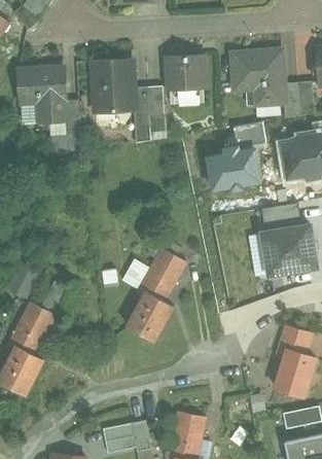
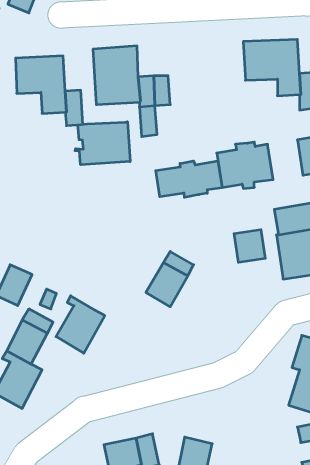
building: [163,54,204,90] -> none
building: [231,121,263,147] -> none
building: none -> [75,122,130,165]
building: none -> [156,161,222,197]
building: none -> [234,230,265,262]
building: [127,286,172,340] -> [56,296,105,353]

